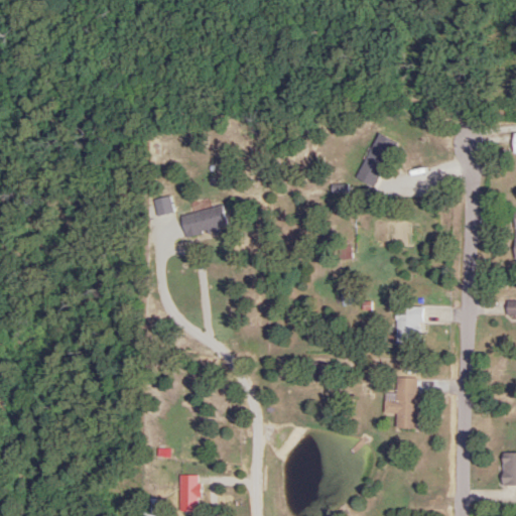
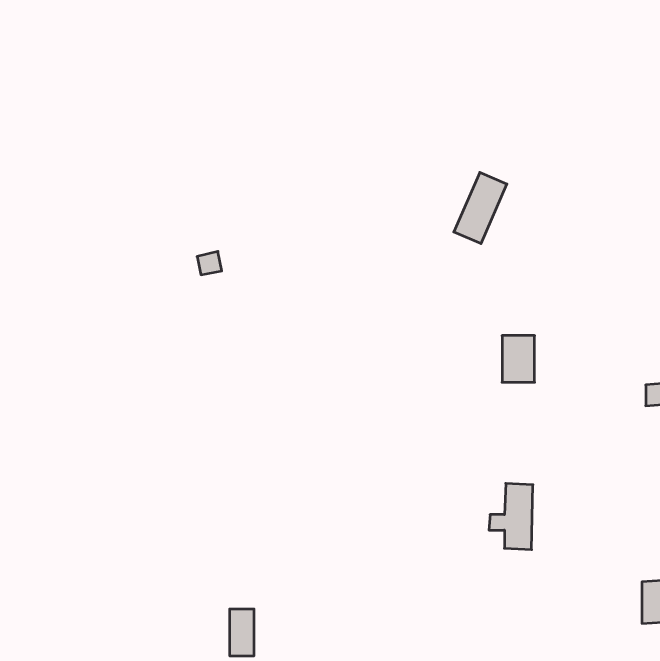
building: [180,205,230,238] -> none
building: [394,306,419,343] -> [502,336,535,382]

